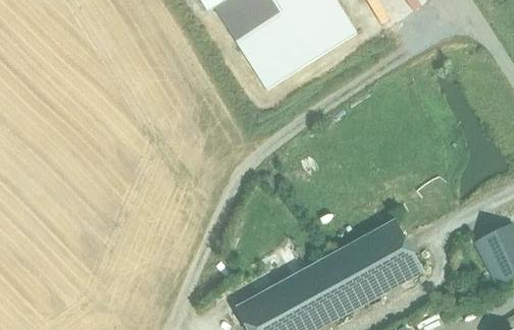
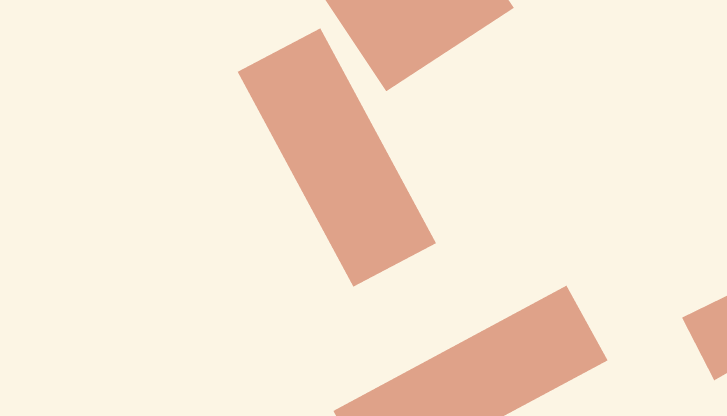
building: none -> [237,28,437,287]

